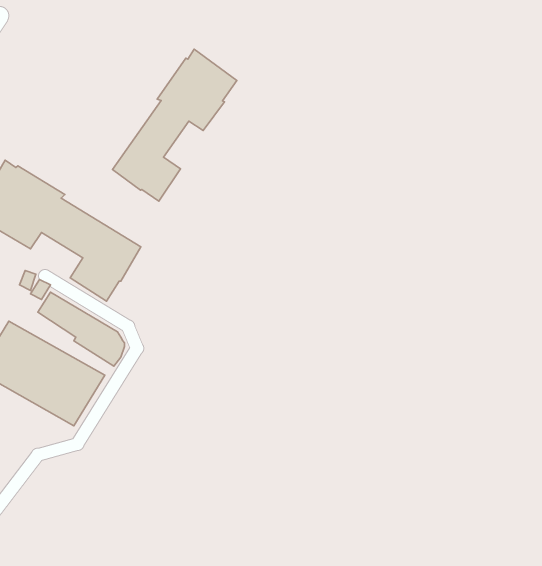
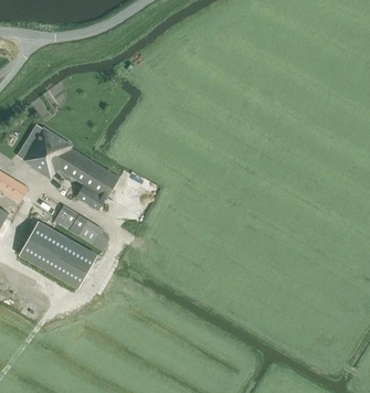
building: [113,49,237,201] -> none

